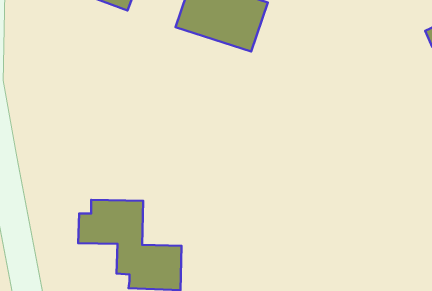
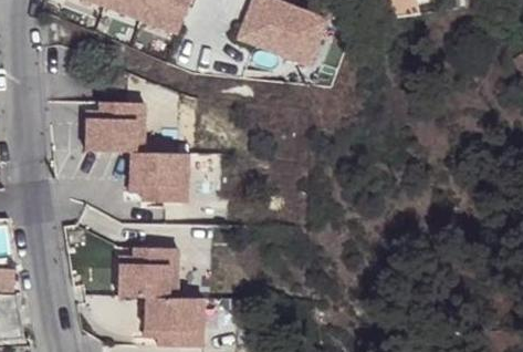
building: none -> [81,101,198,203]

